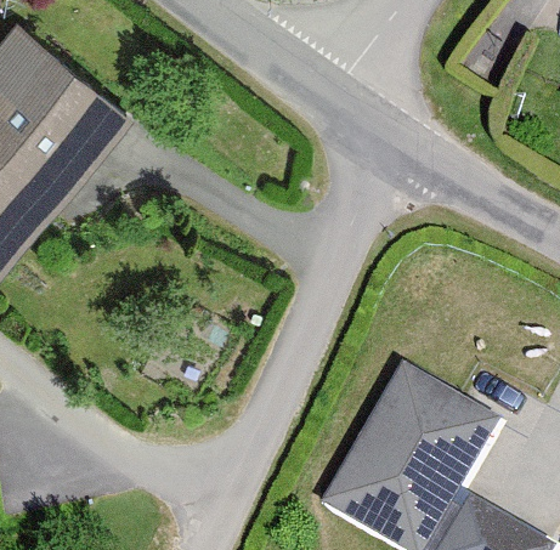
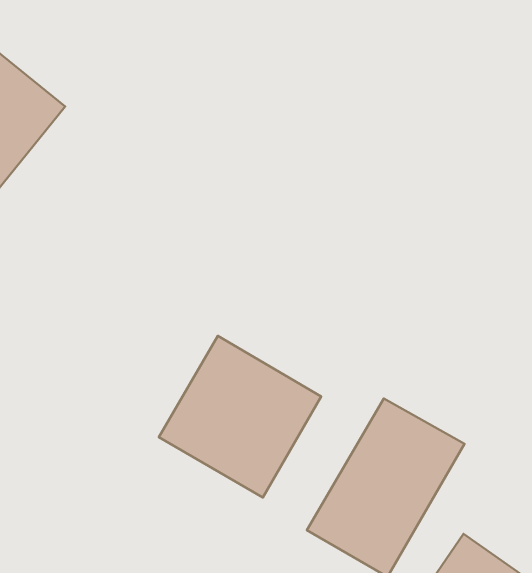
building: none -> [159,336,321,498]

